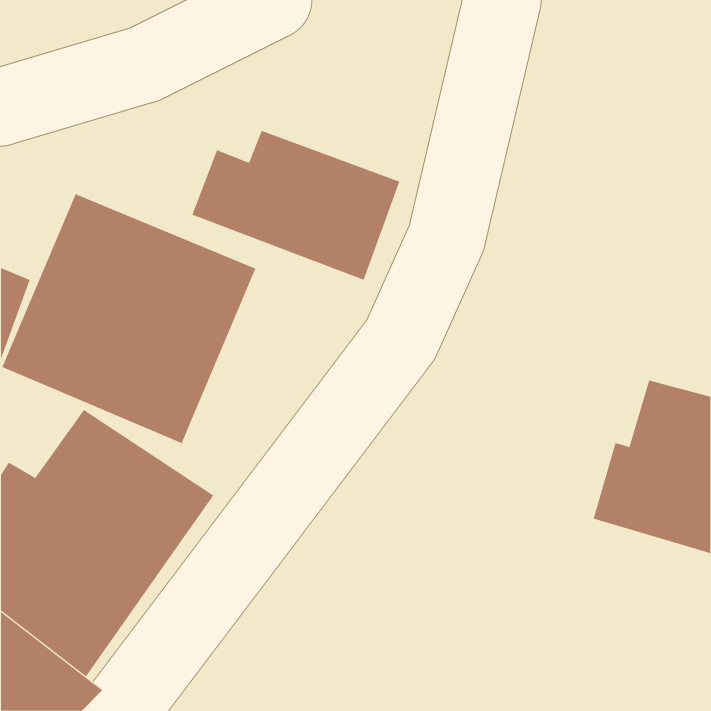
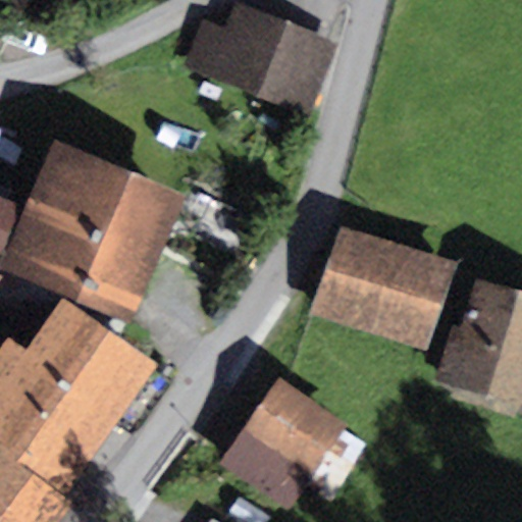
building: [192,130,400,280] -> [184,4,336,114]
building: none -> [310,225,453,349]
building: none -> [222,379,349,512]

